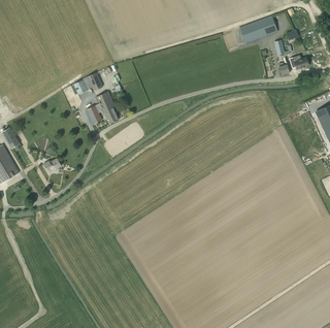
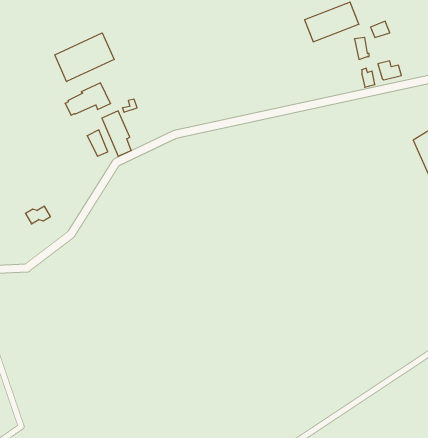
building: none -> [55,33,114,82]

